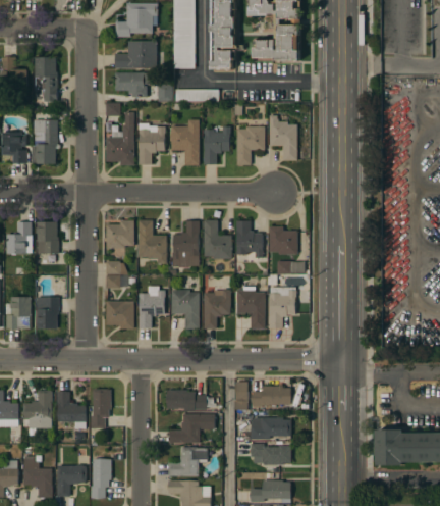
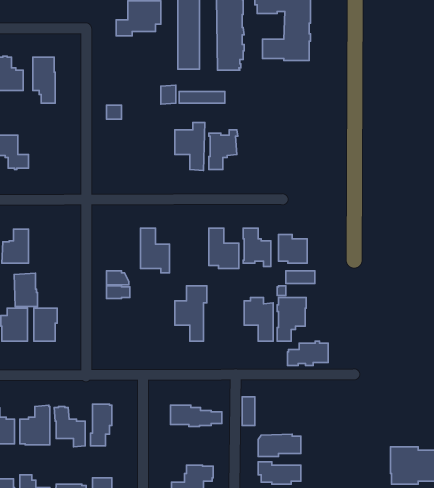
building: [114,41,156,68] -> none
building: [114,72,152,97] -> none
building: [105,111,133,165] -> none
building: [269,115,296,160] -> none
building: [33,119,59,164] -> none
building: [138,123,165,164] -> none
building: [236,127,264,165] -> none
building: [105,220,133,248] -> none
building: [171,220,199,267] -> none
building: [36,221,58,253] -> [14,273,38,306]
building: [138,286,164,328] -> none
building: [203,288,229,328] -> none
building: [105,301,133,328] -> none
building: [251,384,289,407] -> [287,341,328,366]
building: [168,414,214,443] -> none

